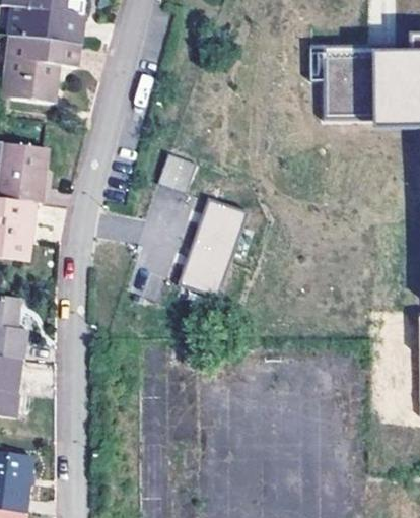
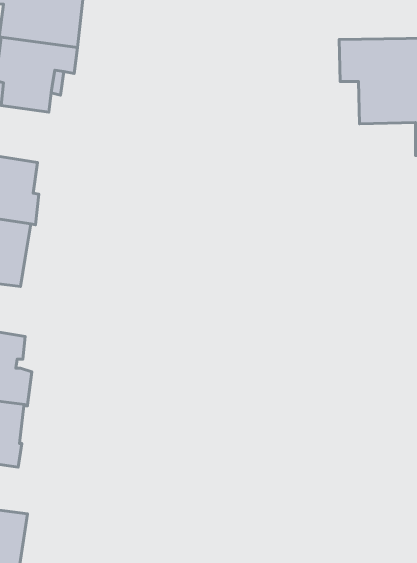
building: [160,153,195,192] -> none
building: [179,197,248,299] -> none

